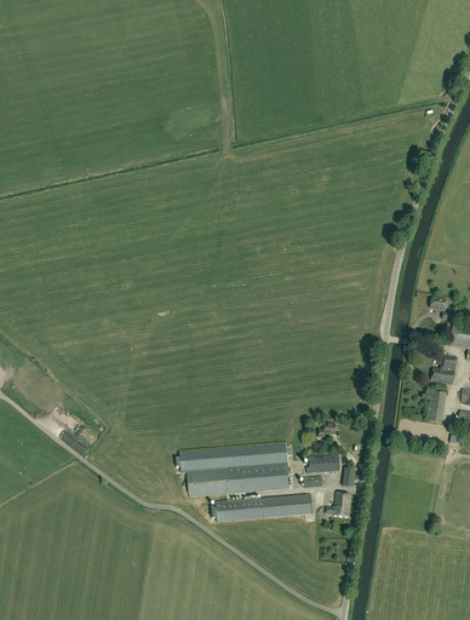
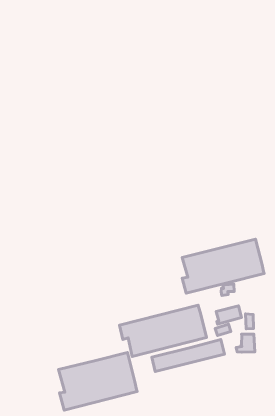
building: none -> [182,239,264,293]
building: none -> [58,353,137,410]

